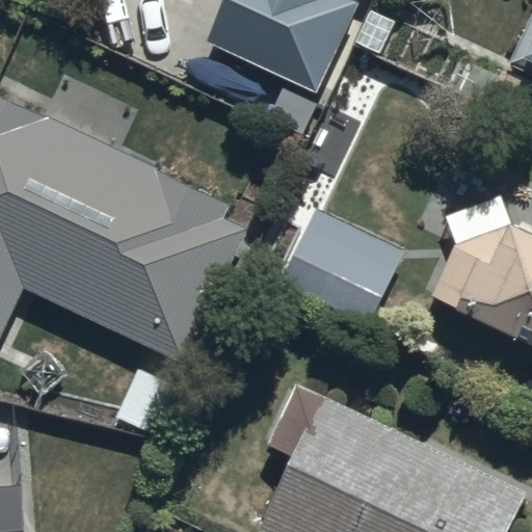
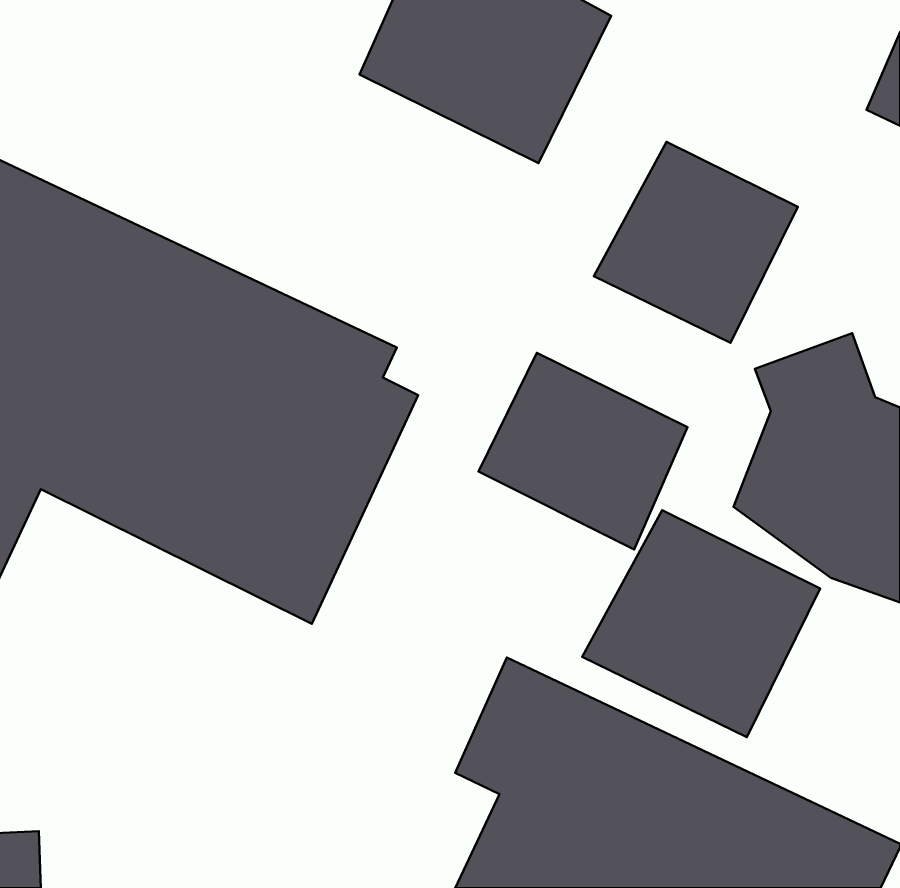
building: none -> [594,142,798,343]
building: none -> [582,510,820,737]

